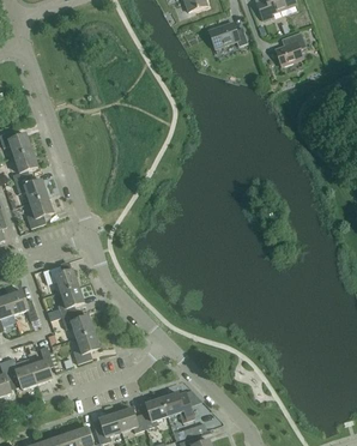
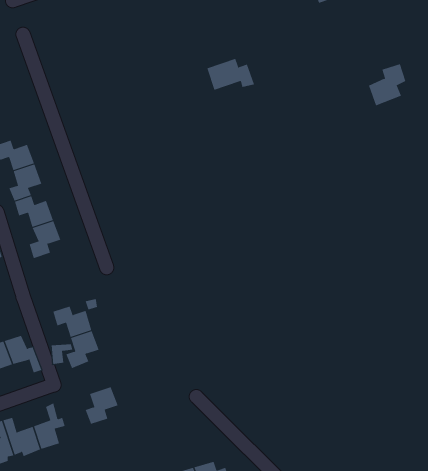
building: [208,20,248,47] -> [207,58,255,90]
building: [274,30,305,65] -> [368,64,406,106]
building: [61,309,93,337] -> none

